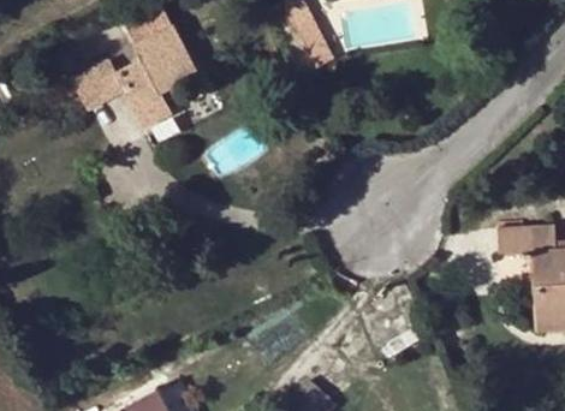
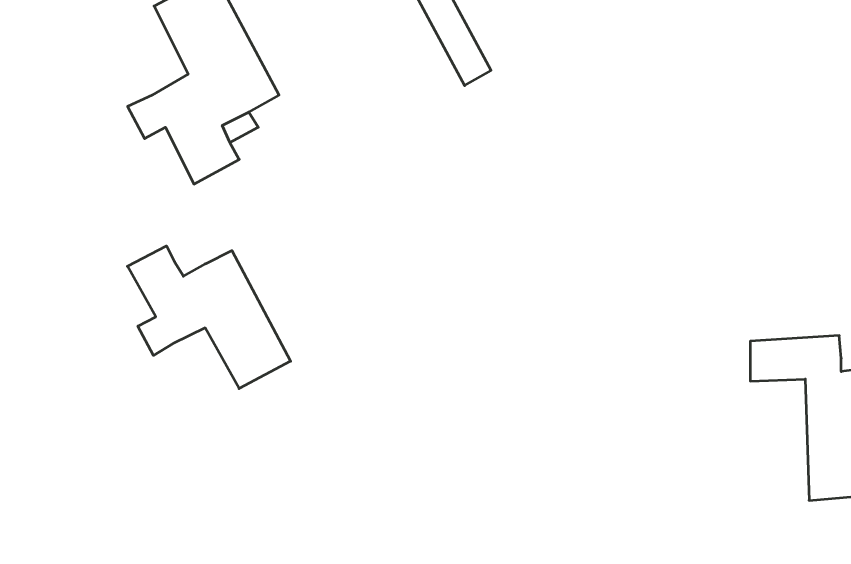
building: [71,59,118,113] -> none
building: none -> [127,246,291,389]

